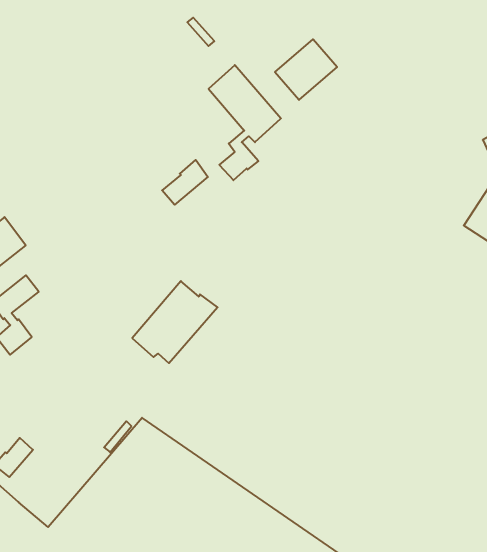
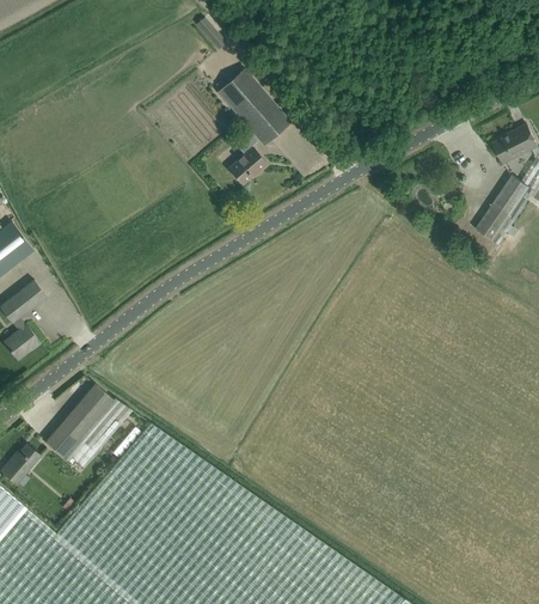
building: [275,39,337,100] -> none
building: [162,160,208,205] -> none
building: [132,281,218,363] -> [44,385,130,468]

